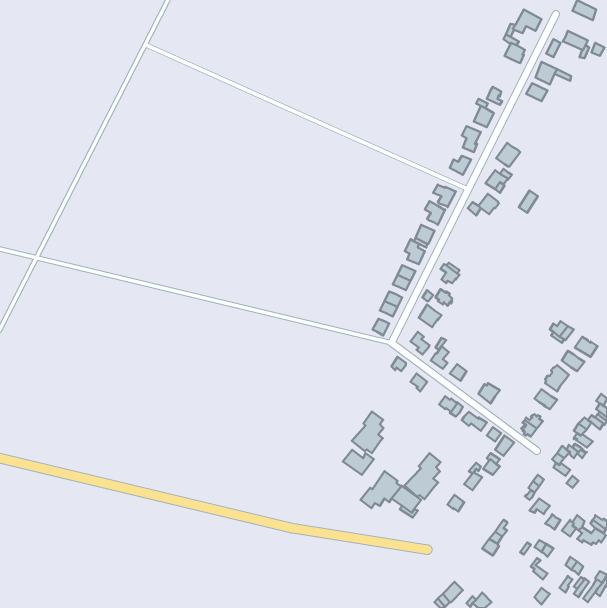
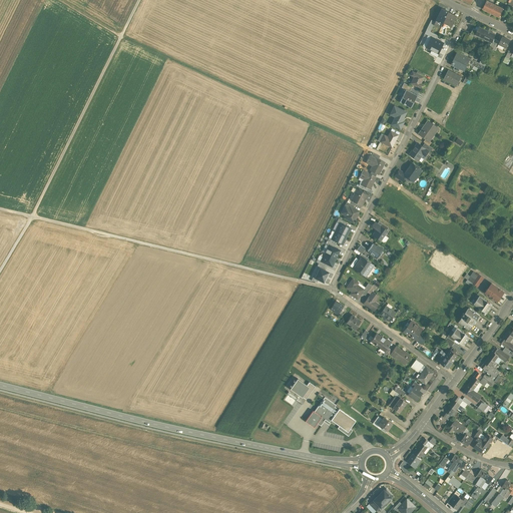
building: [352,412,383,453] -> none
building: [404,453,441,499] -> none

